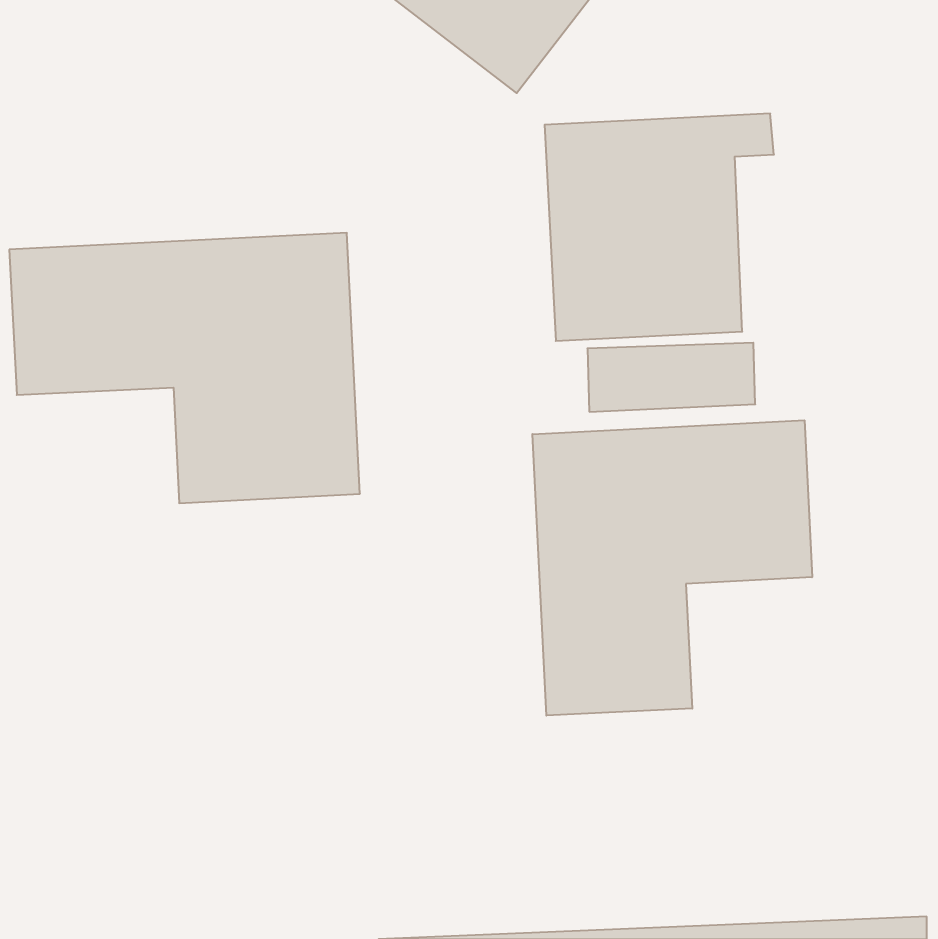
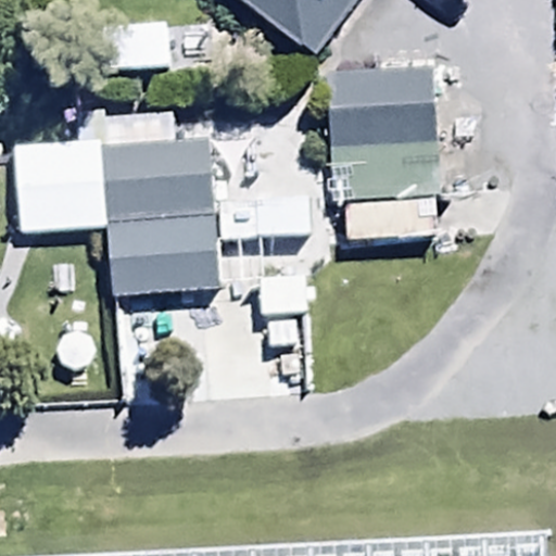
building: [532,420,812,716] -> none

